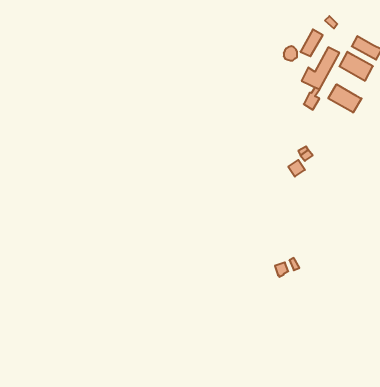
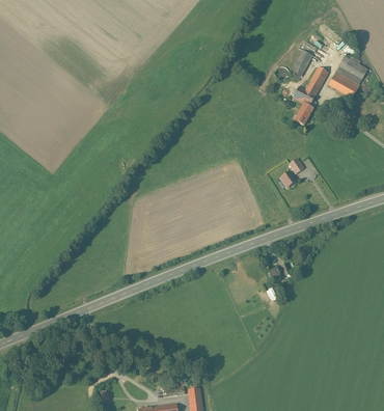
building: [328,84,362,113] -> none

